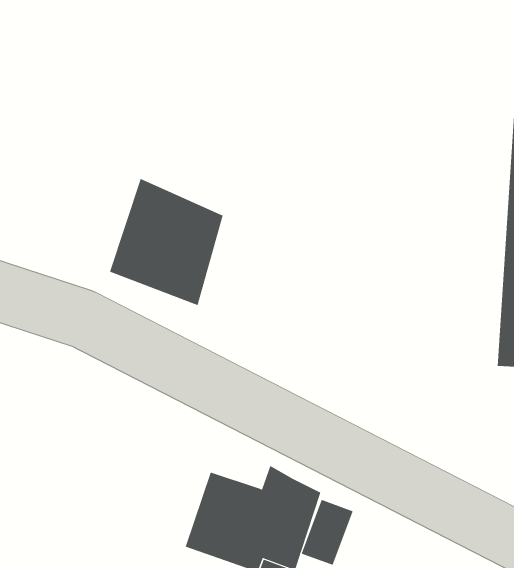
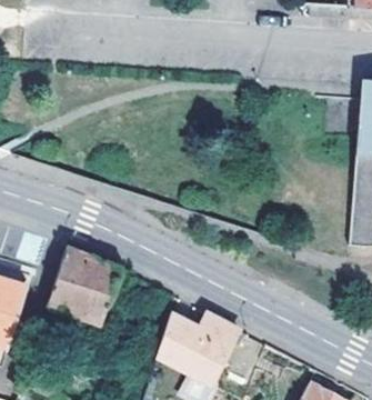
building: [109,178,224,306] -> [46,244,120,328]

